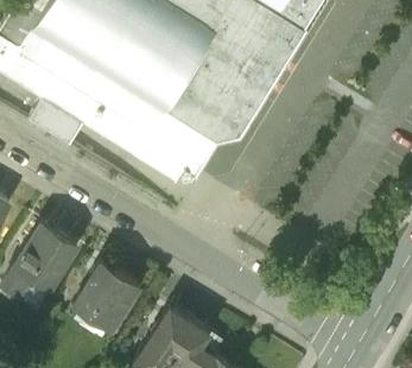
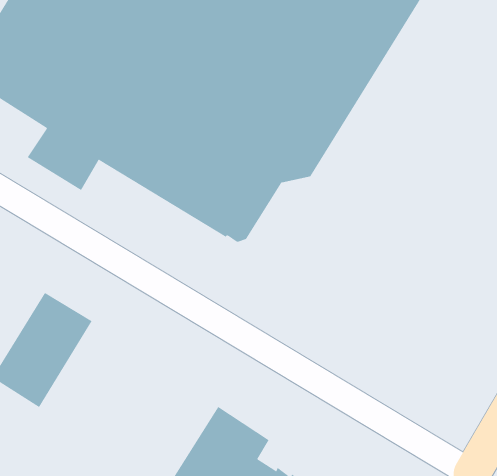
building: [74,259,139,328] -> none

